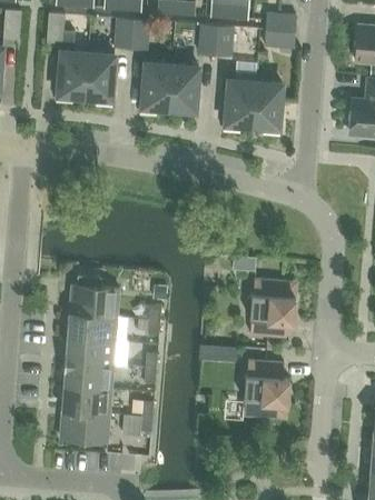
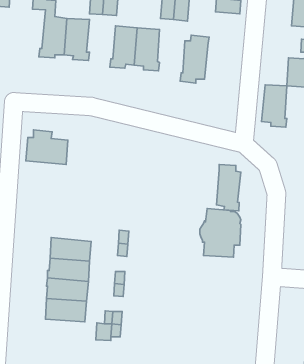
building: [251,82,282,132] -> [261,85,287,127]
building: none -> [217,164,241,211]
building: [69,277,119,318] -> [26,130,68,165]
building: [239,360,289,418] -> none
building: [60,410,109,442] -> none

